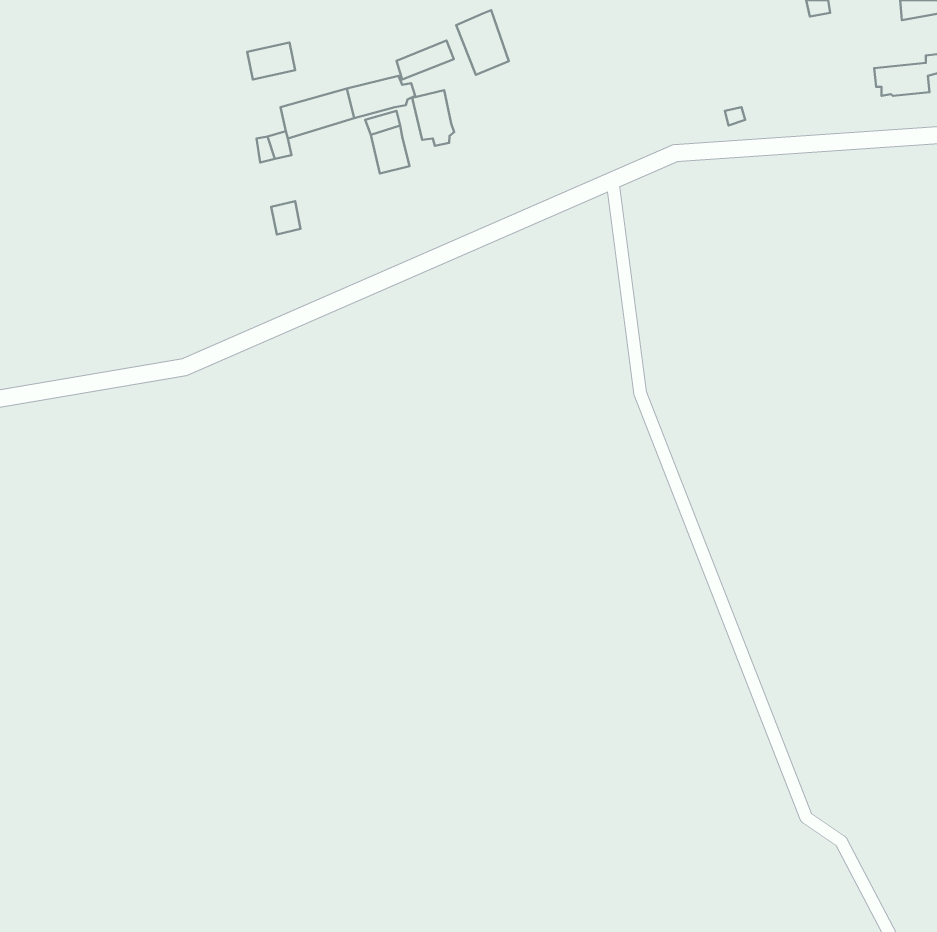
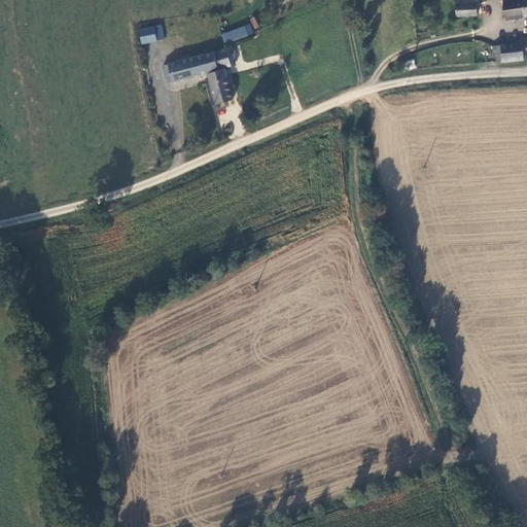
building: [456,10,509,75] -> none
building: [412,90,454,146] -> none

